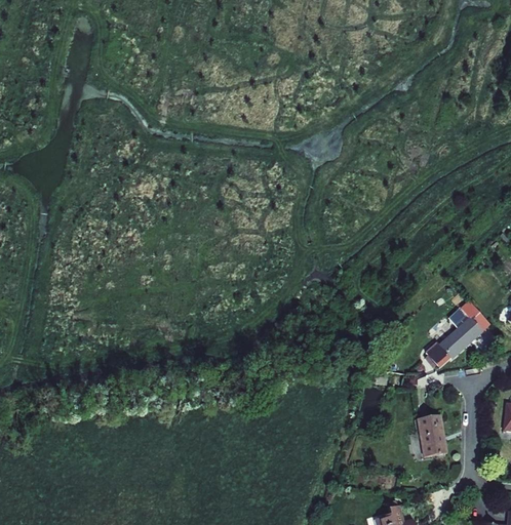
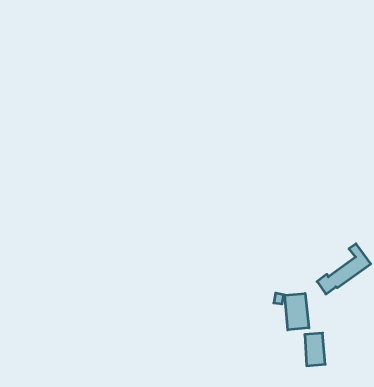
building: none -> [285,293,309,330]

